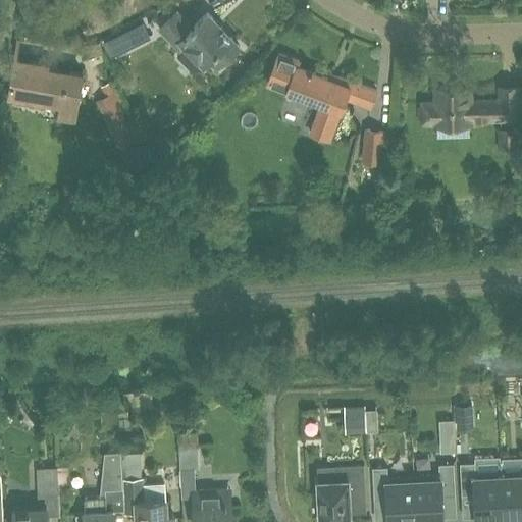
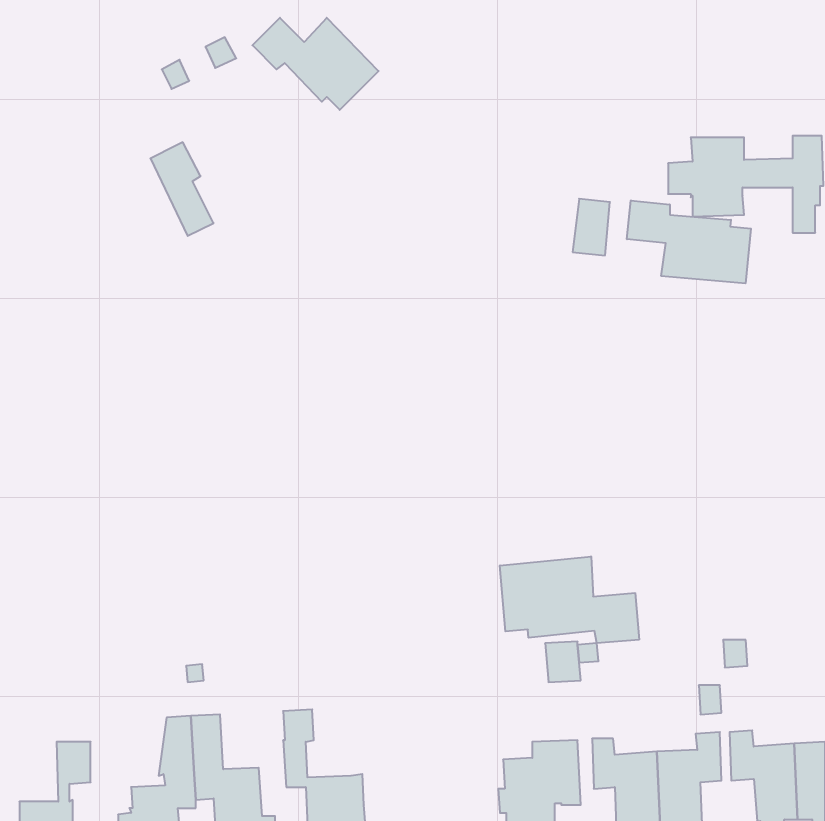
building: [264,54,375,145] -> none
building: [8,61,82,120] -> none
building: none -> [627,200,751,283]
building: none -> [500,556,639,643]

